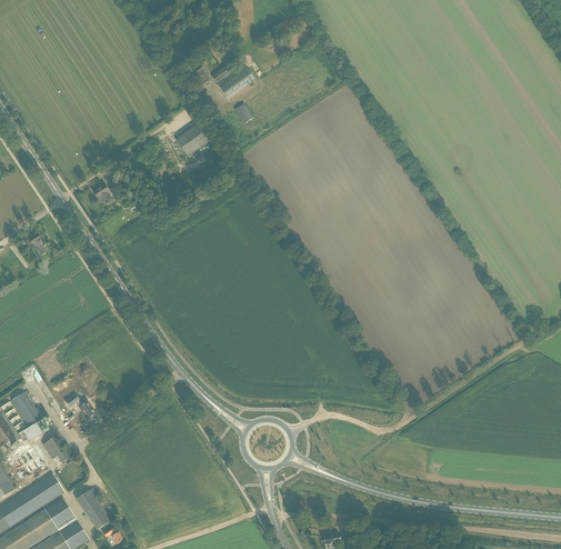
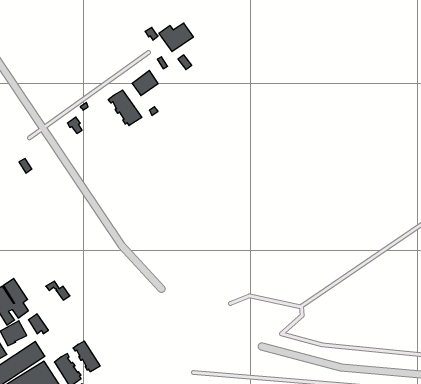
building: none -> [108,90,142,126]
building: none -> [73,341,100,372]

